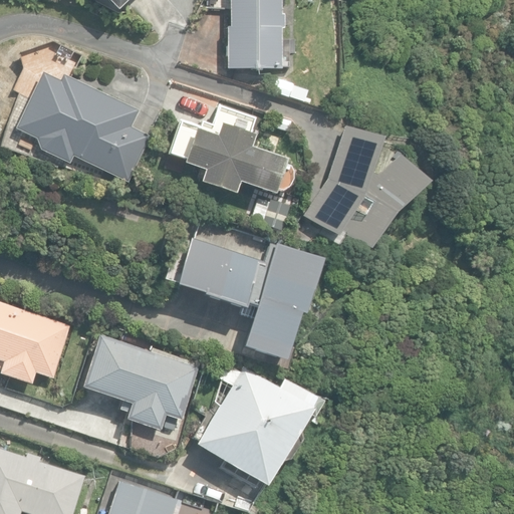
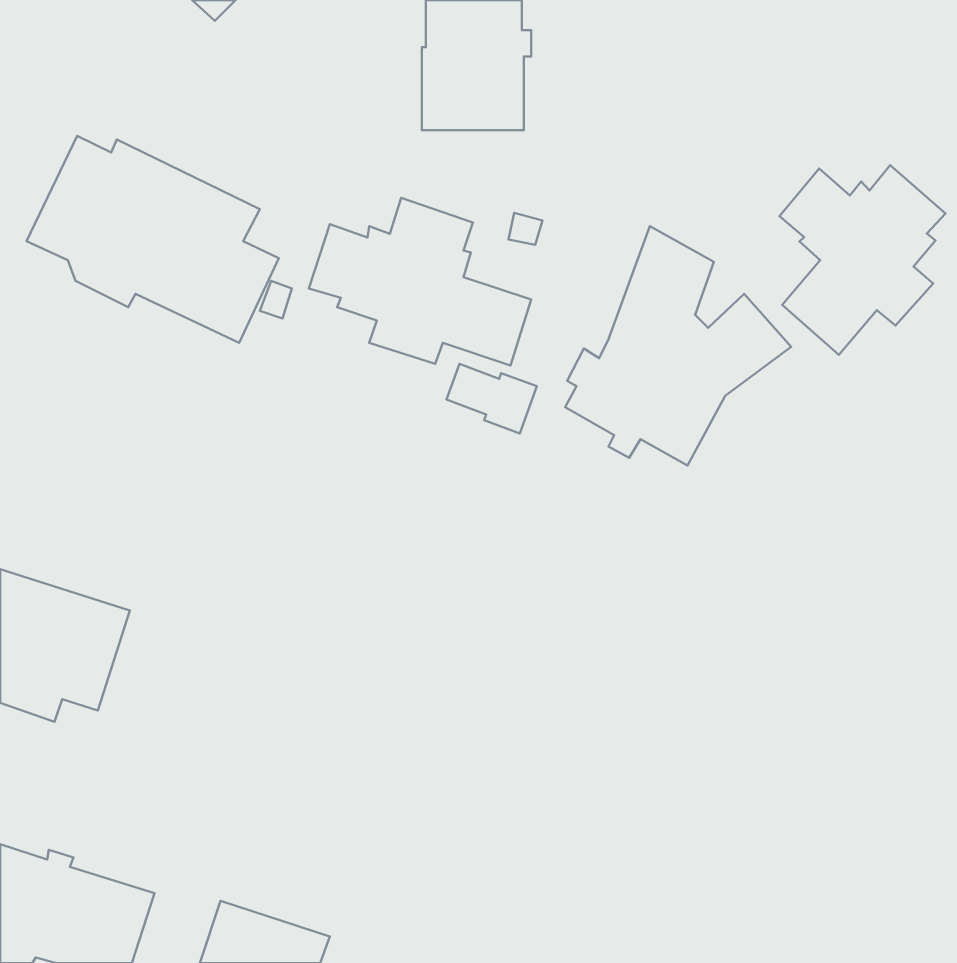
building: none -> [779,165,946,355]
building: [179,237,321,346] -> none
building: [82,335,201,430] -> none
building: [197,364,321,486] -> none

